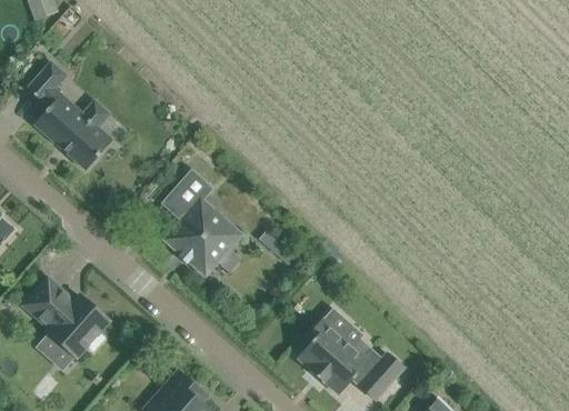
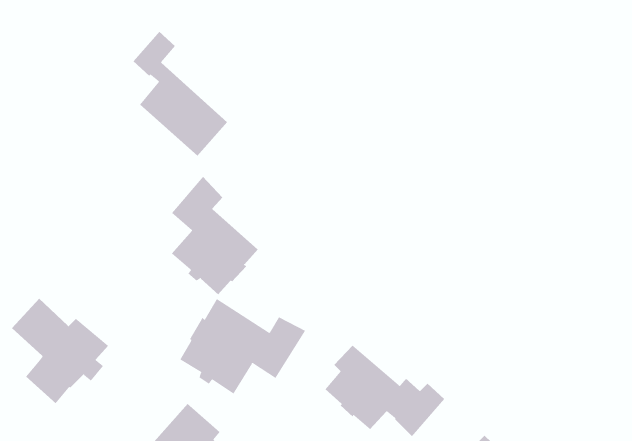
building: [29,60,112,170] -> [133,31,228,156]
building: none -> [179,298,306,395]

